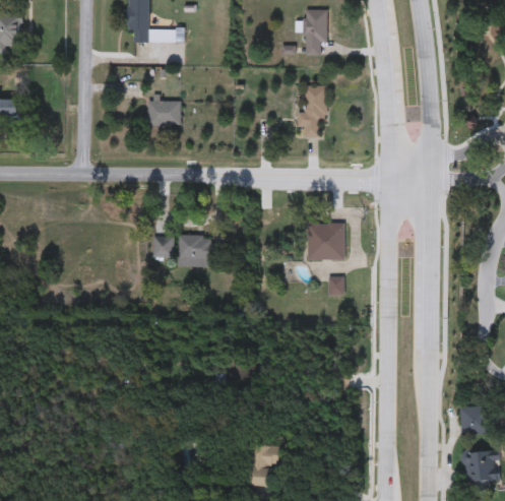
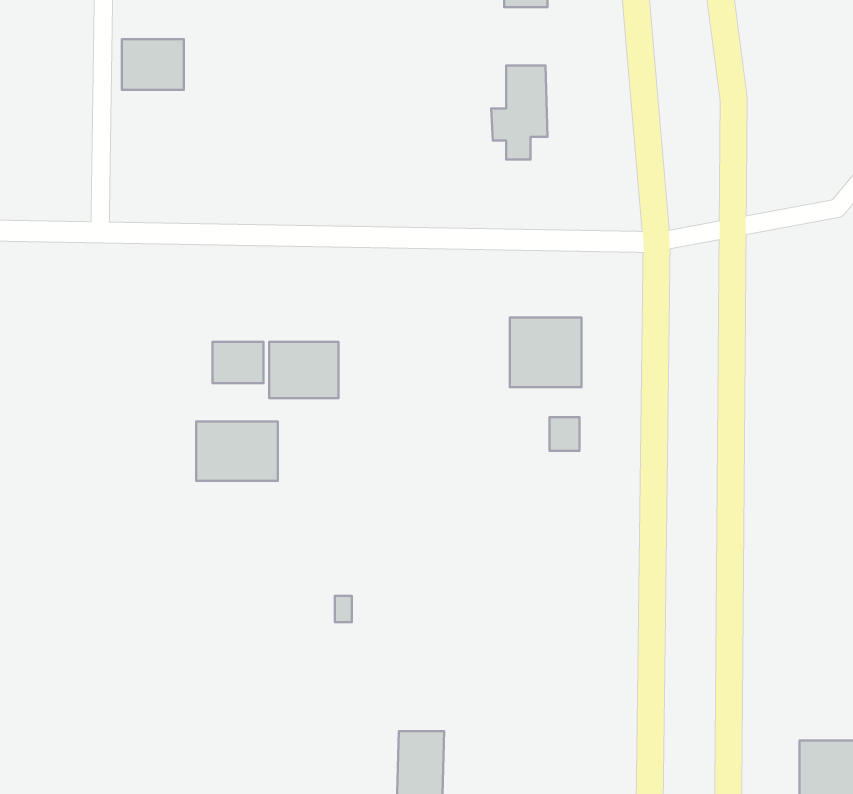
building: [147,99,181,126] -> [122,39,184,90]
building: none -> [196,422,278,481]
building: [461,406,484,434] -> none

